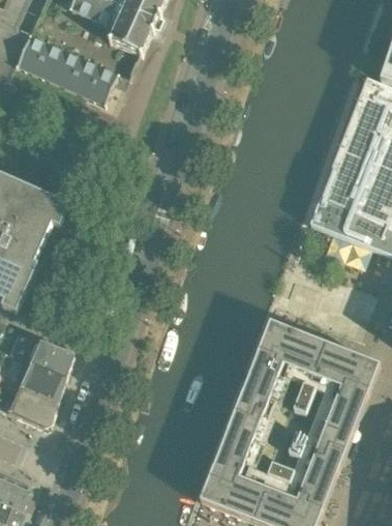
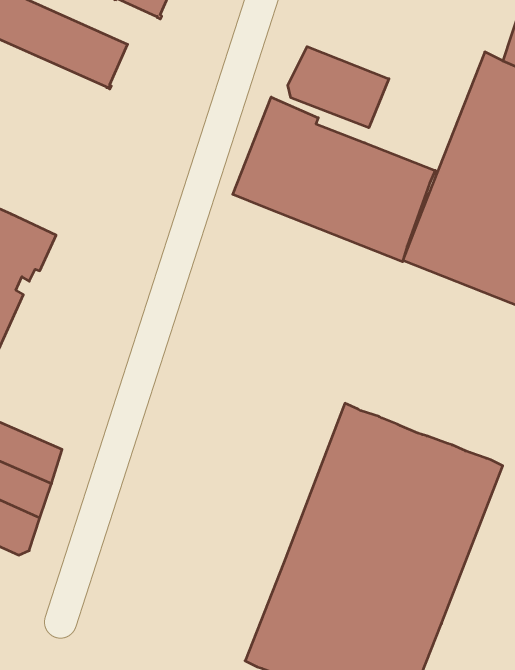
building: none -> [288,47,389,128]
building: none -> [233,97,435,262]

